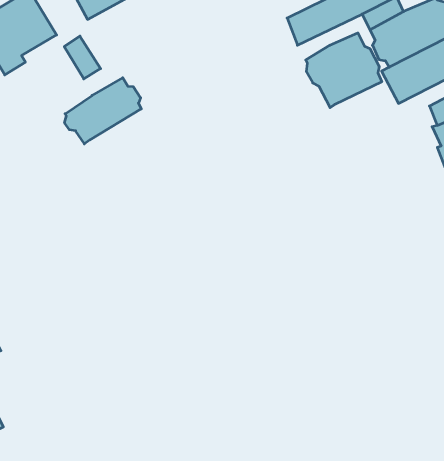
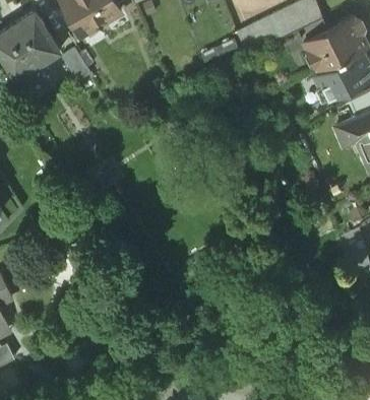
building: [306,33,382,108] -> none
building: [65,78,141,144] -> none

